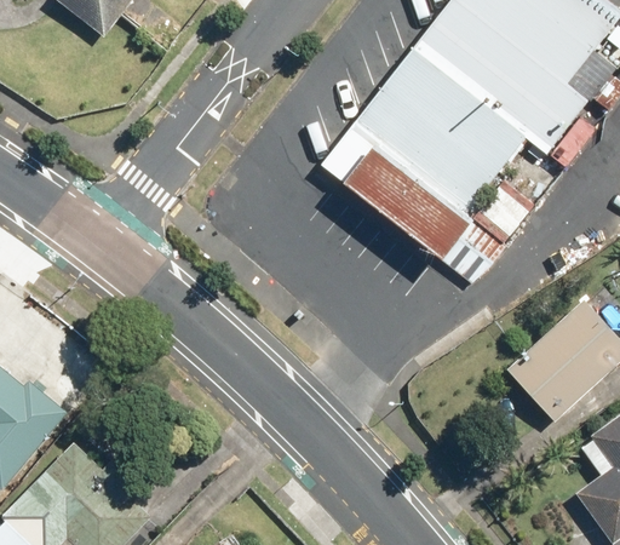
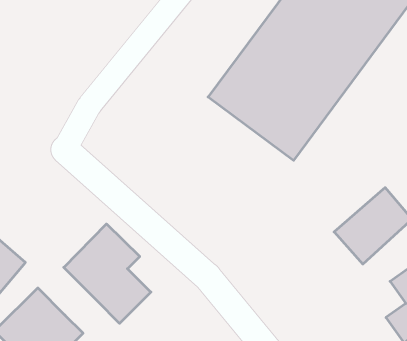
building: none -> [64,224,151,323]

